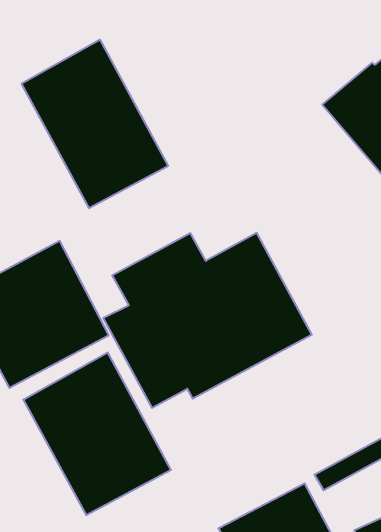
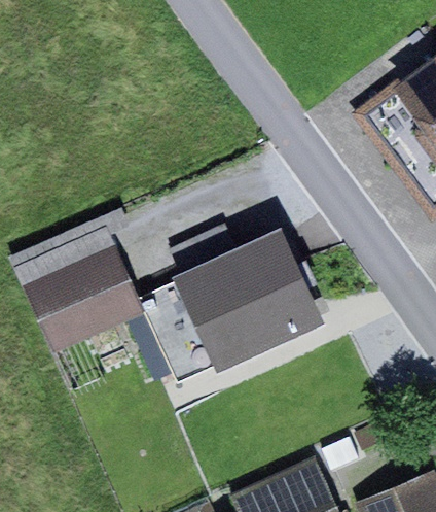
building: [22,40,168,208] -> none
building: [23,352,171,515] -> none

